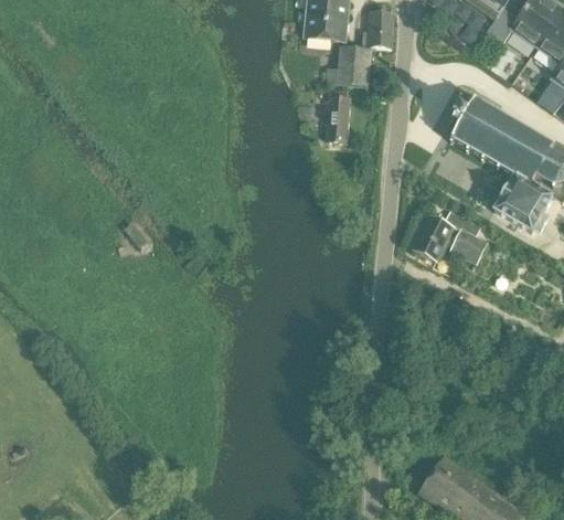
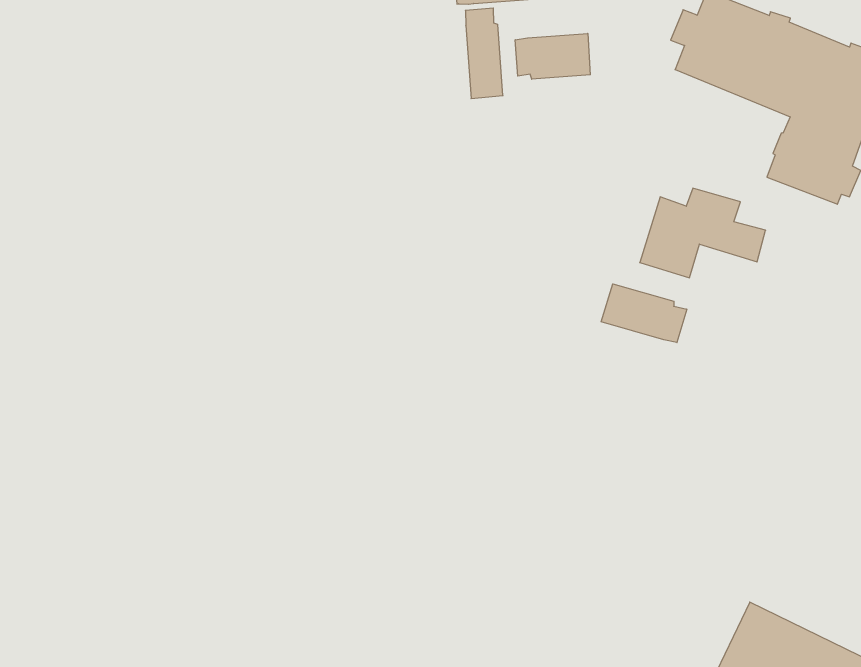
building: none -> [515,33,590,79]
building: none -> [601,284,687,343]

